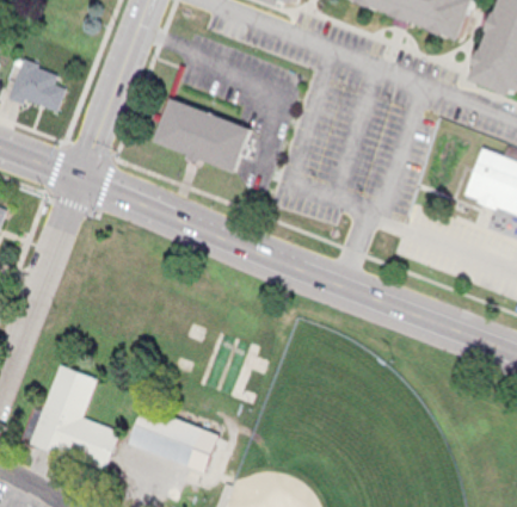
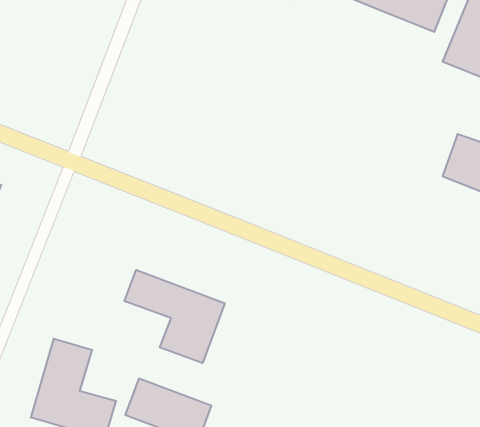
building: [7,58,64,111] -> none
building: [150,94,250,167] -> none
building: none -> [125,270,225,363]

